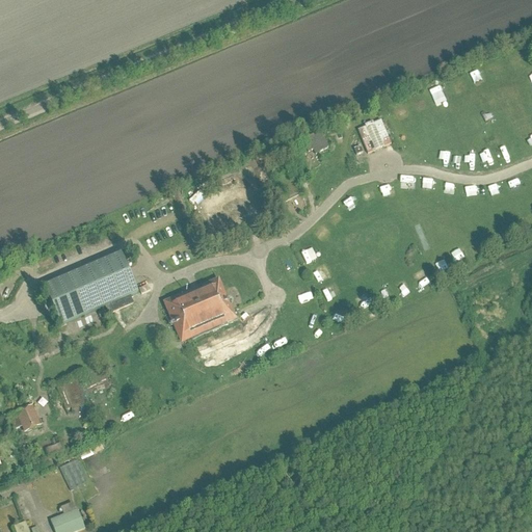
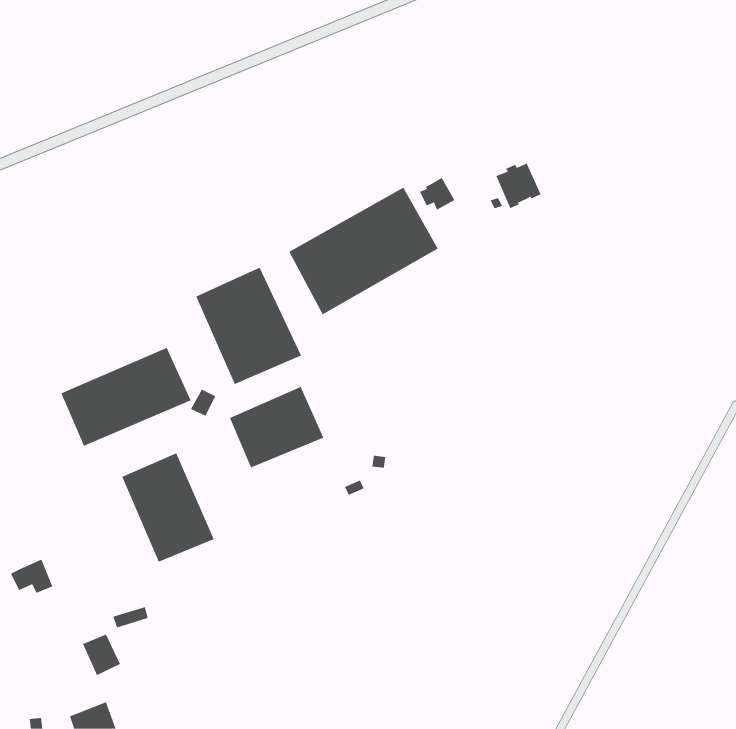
building: none -> [289,187,439,315]
building: none -> [196,267,302,385]
building: none -> [121,453,215,562]

